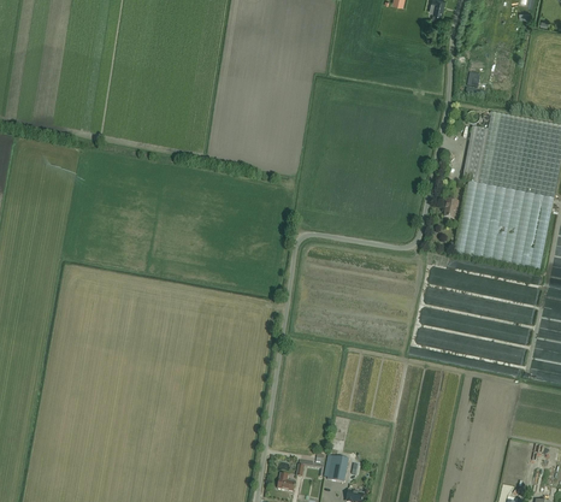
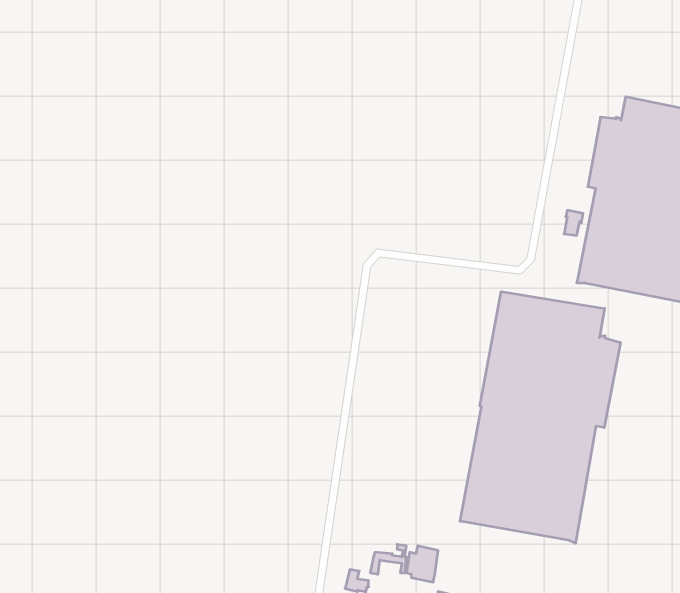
building: none -> [460,292,620,543]

